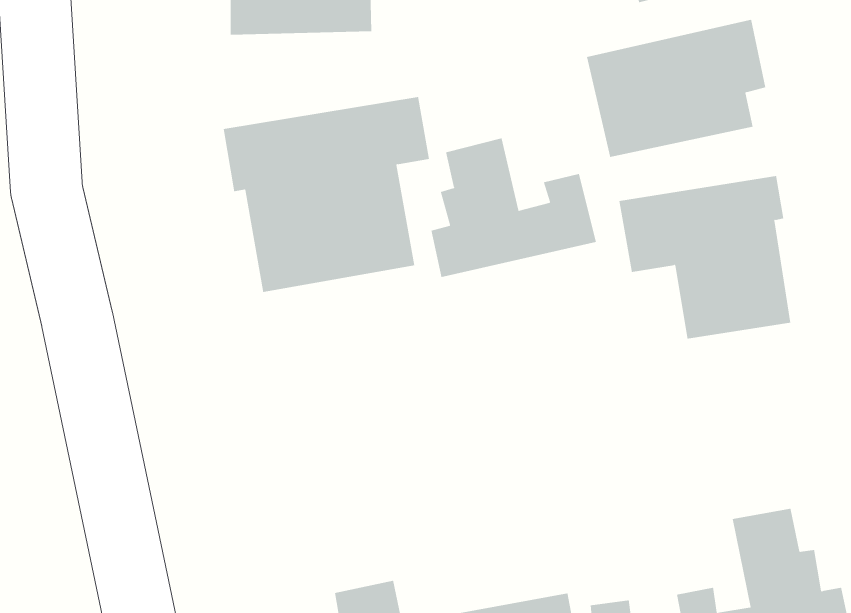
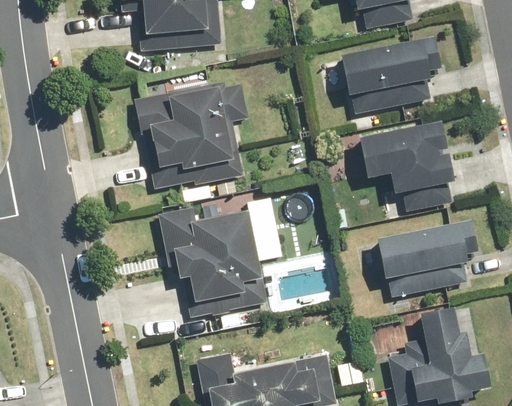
building: [431,138,597,278] -> none
building: none -> [161,207,269,319]
building: none -> [374,219,478,299]

